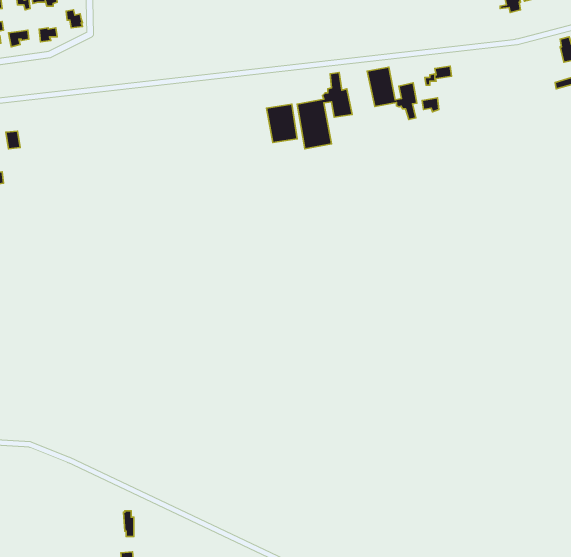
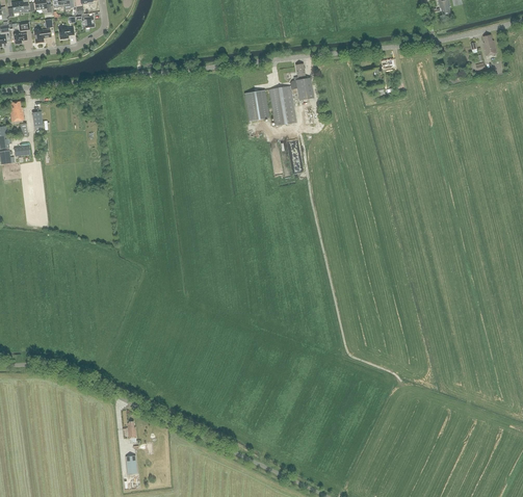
building: [367,67,417,120] -> none

